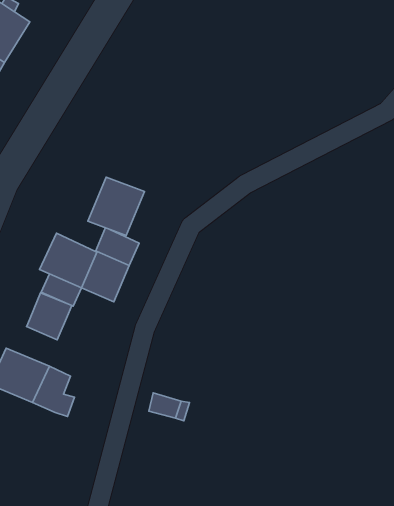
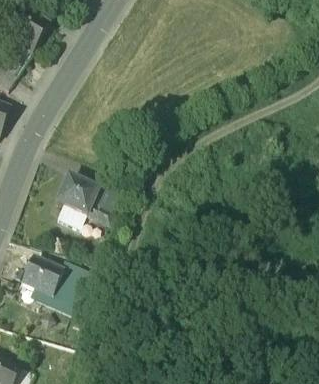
building: [88,177,144,235] -> none
building: [26,293,72,340] -> none

